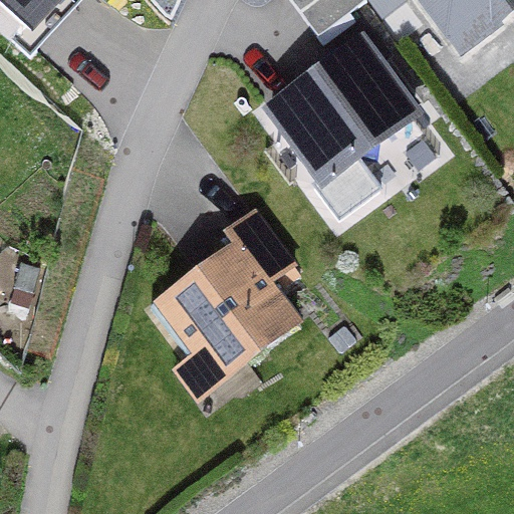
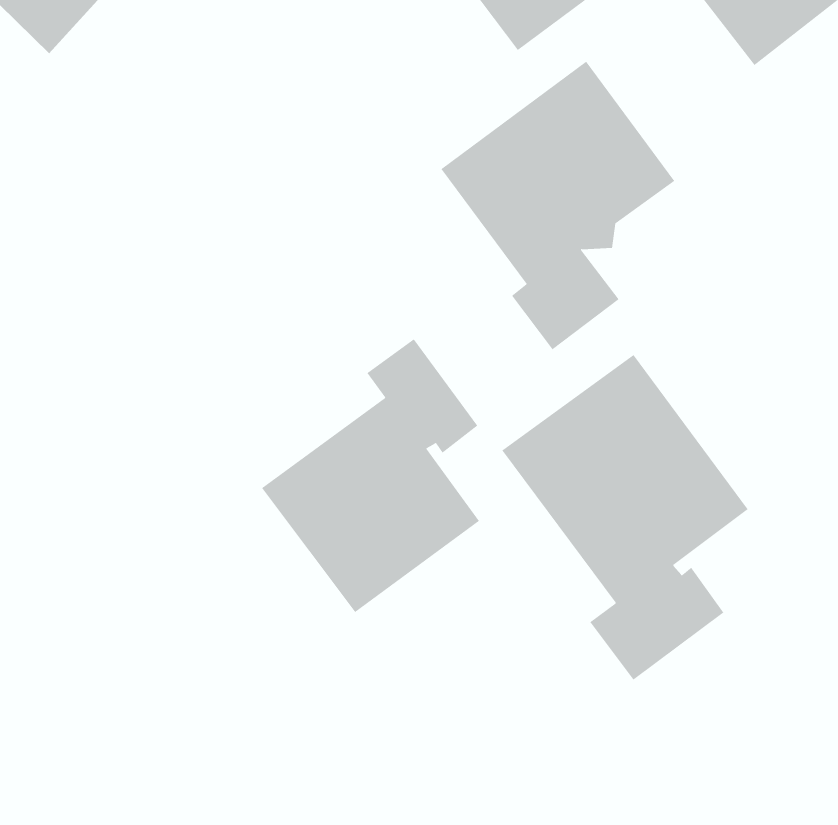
building: none -> [502,354,749,680]

